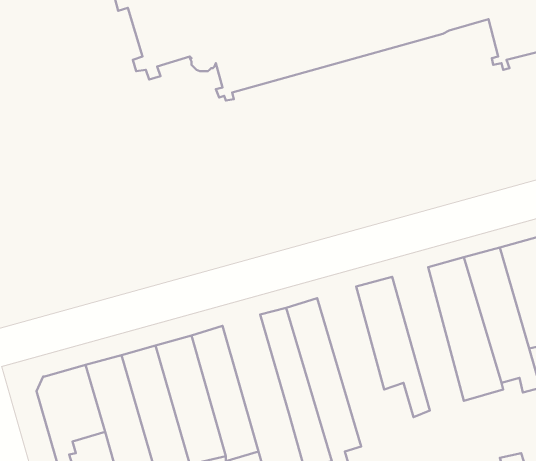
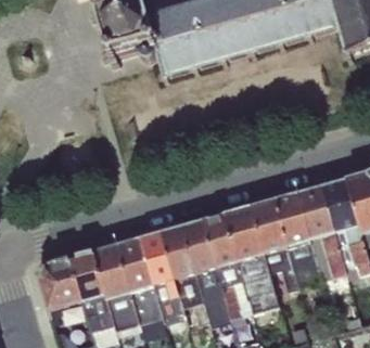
building: none -> [273,192,321,287]
building: none -> [224,205,276,311]
building: none -> [161,223,205,307]

